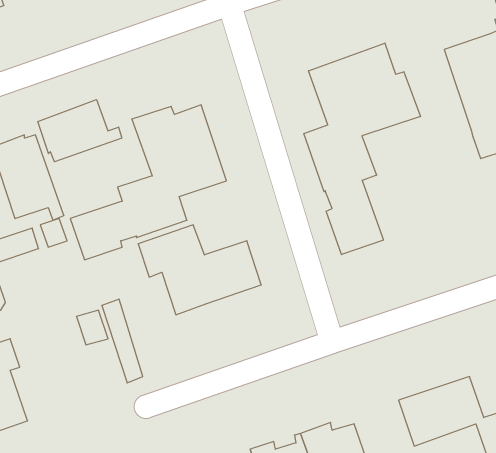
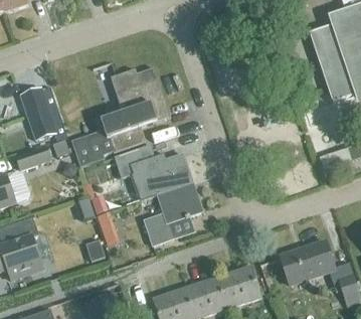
building: [304,43,420,255] -> none
building: [38,100,122,162] -> none
building: none -> [142,182,202,246]

